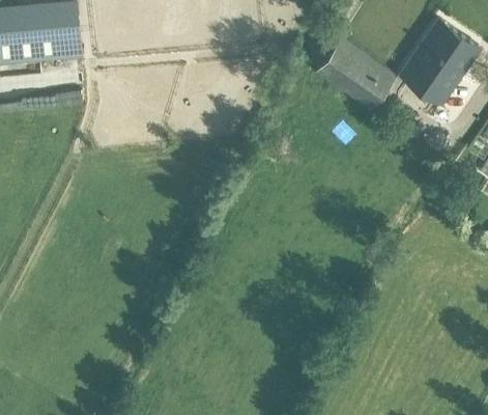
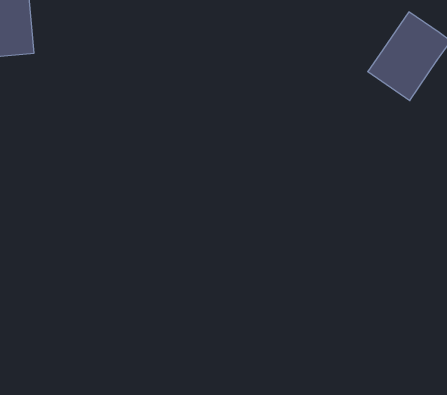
building: [315,37,396,113] -> none

